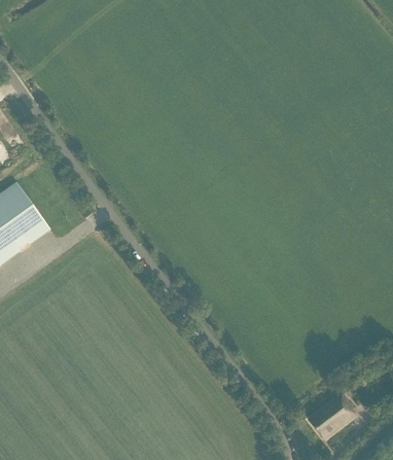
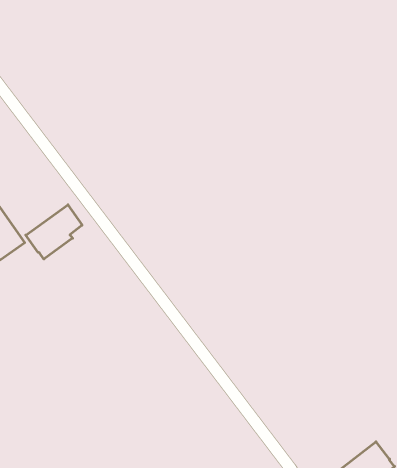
building: none -> [26,205,82,259]

